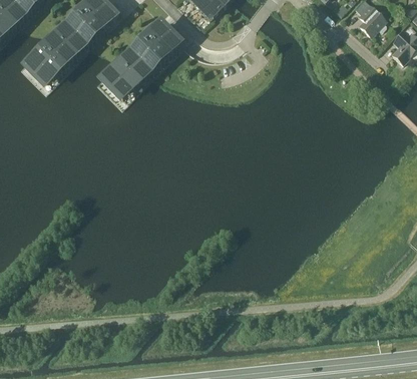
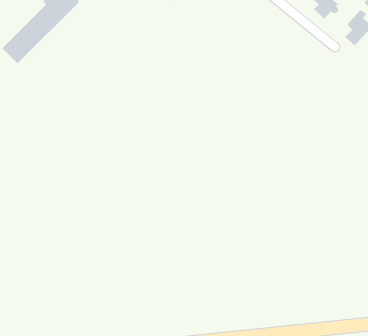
building: [104,25,176,96] -> none

